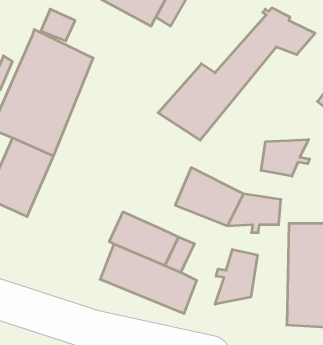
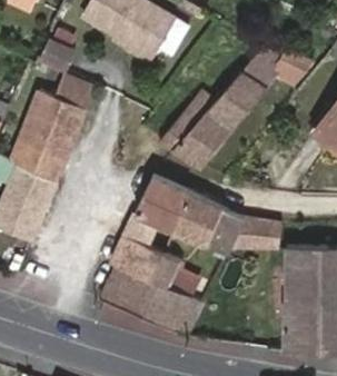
building: [261,139,310,176] -> none
building: none -> [136,174,192,229]
building: [215,249,257,304] -> none

